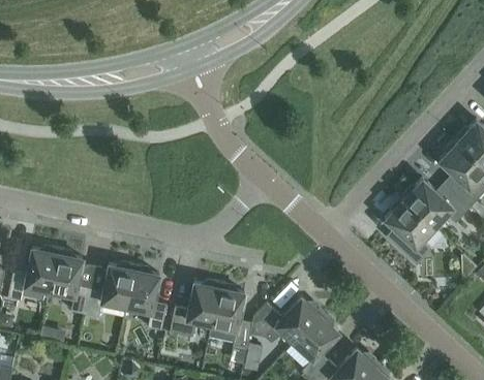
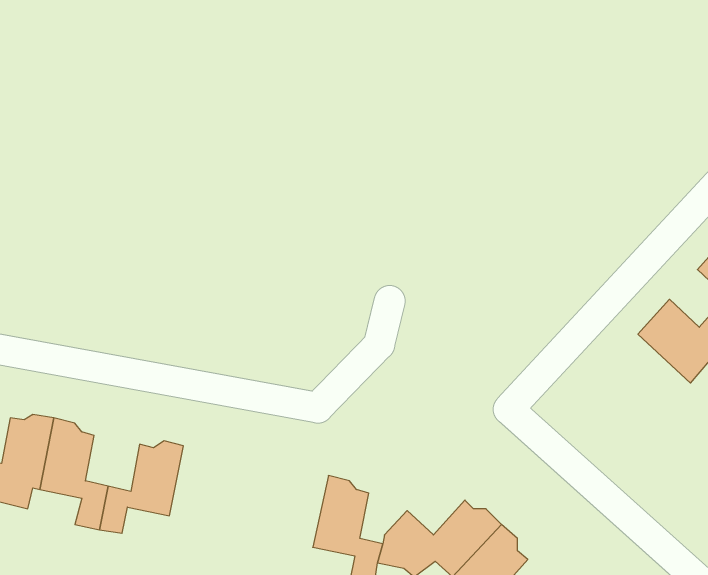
building: [384,199,434,265] -> none
building: [126,265,167,330] -> none
building: [170,281,220,337] -> none

